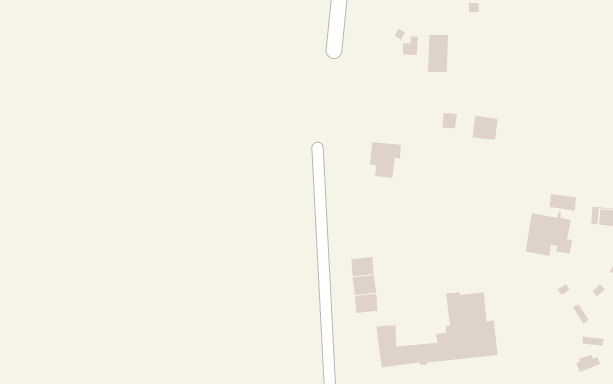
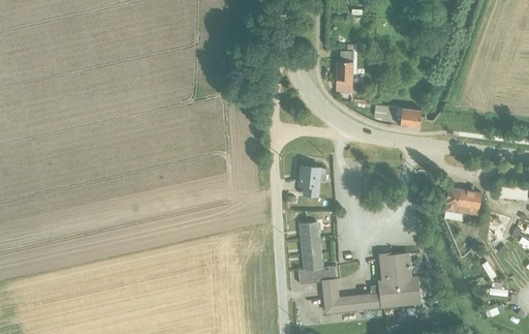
building: [427,35,449,73] -> [335,62,352,93]
building: [369,142,402,179] -> [299,166,325,196]
building: none -> [297,266,335,284]

